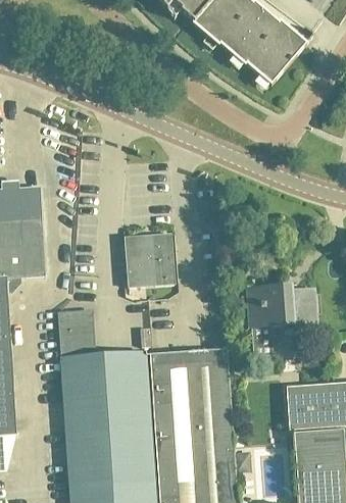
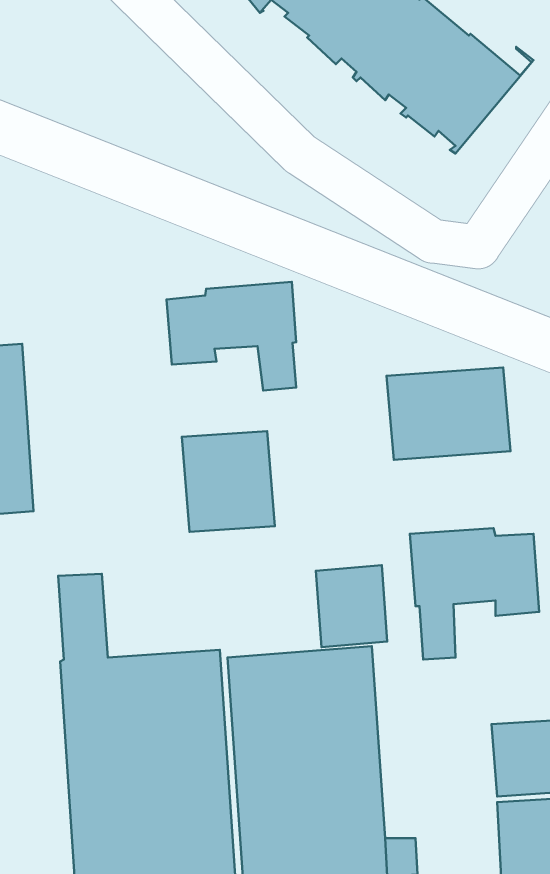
building: none -> [166,282,296,390]
building: none -> [386,367,511,460]
building: none -> [316,565,387,647]

